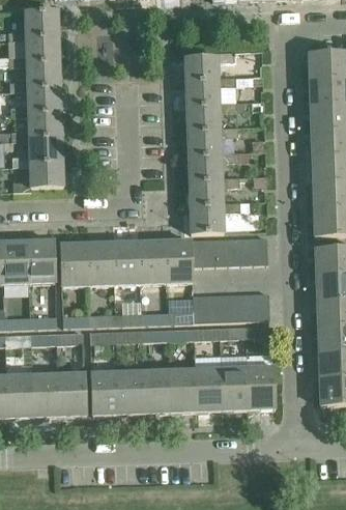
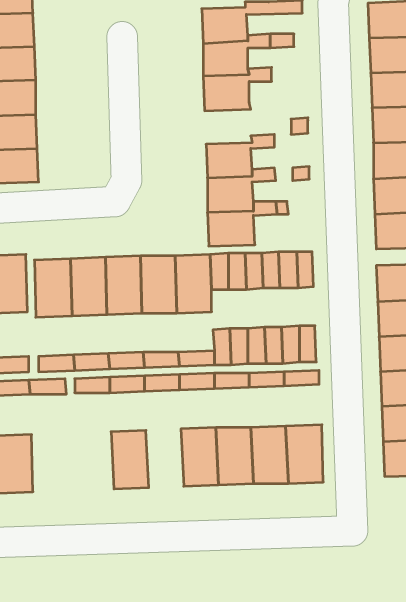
building: [186,125,237,158] -> none
building: [143,369,171,413] -> none
building: [91,371,119,415] -> none
building: [58,372,86,416] -> none

